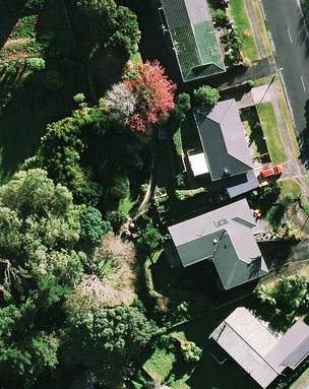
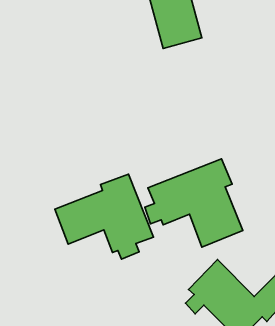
building: [193,99,253,182] -> none
building: none -> [55,174,153,259]

